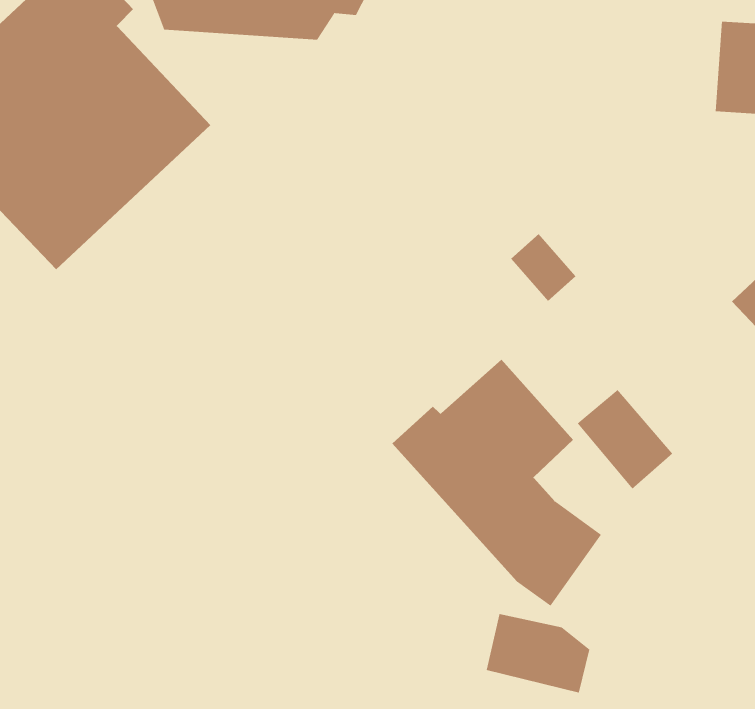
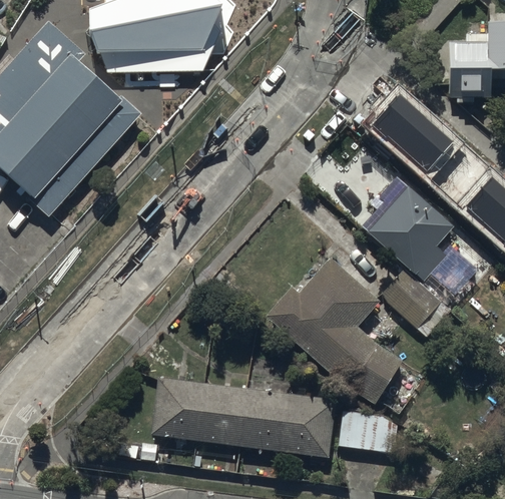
building: none -> [373,96,454,174]
building: none -> [362,175,451,282]
building: none -> [149,376,330,456]

